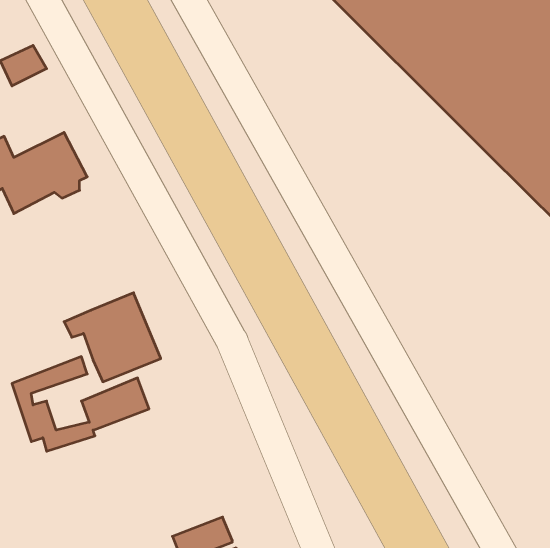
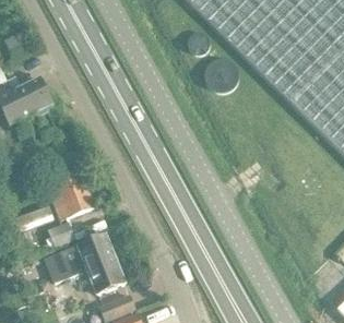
building: none -> [44,234,124,292]

